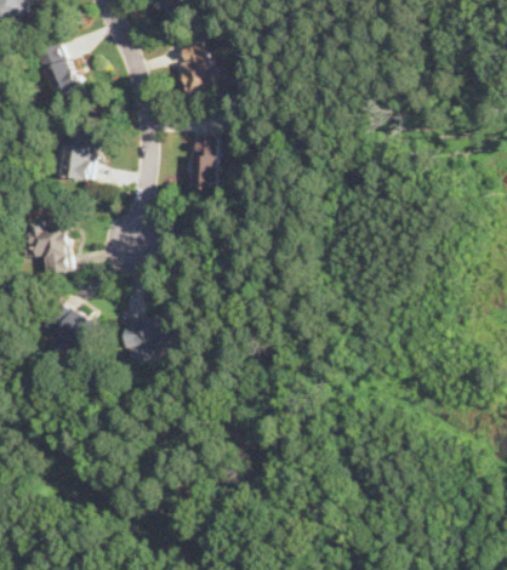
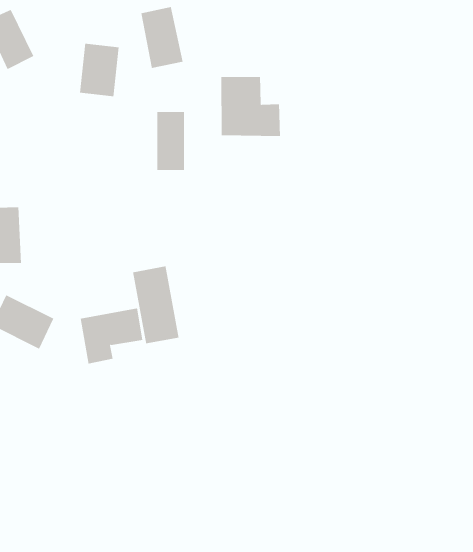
building: none -> [221,76,281,137]
building: [57,132,93,181] -> [79,43,120,97]
building: none -> [132,266,179,344]

